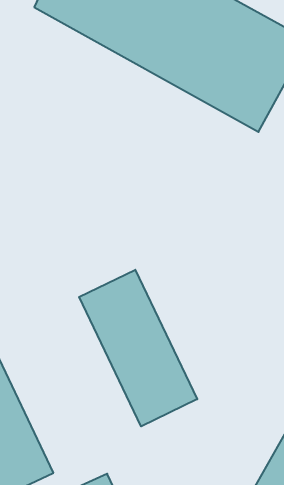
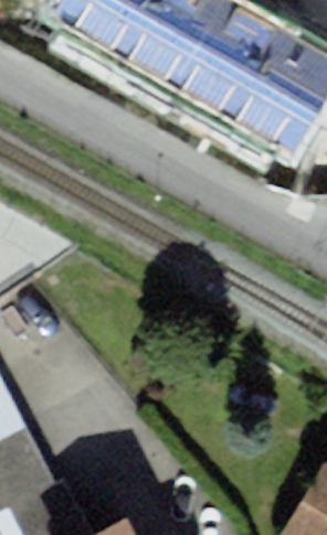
building: [79,270,197,426] -> none

